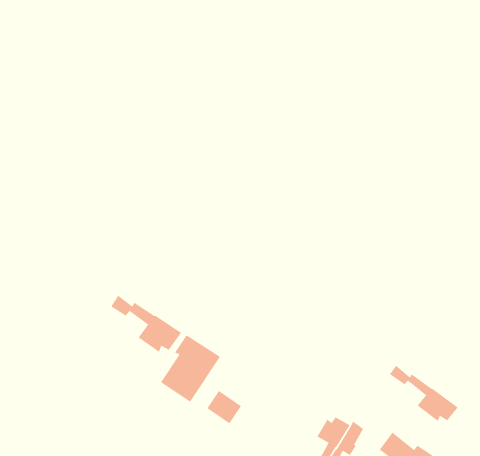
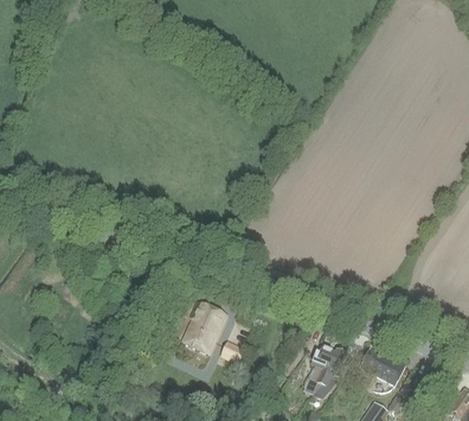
building: [110,295,182,353] -> none
building: [389,365,459,422] -> none

